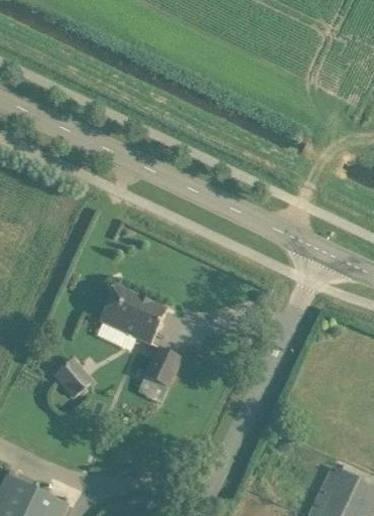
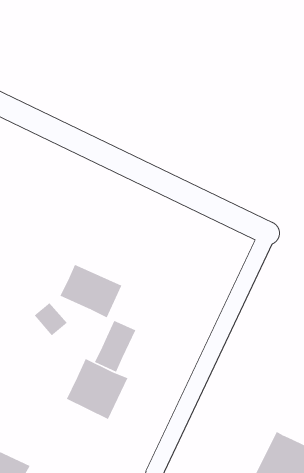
building: [54,361,91,397] -> [34,302,67,336]
building: none -> [66,358,128,420]

